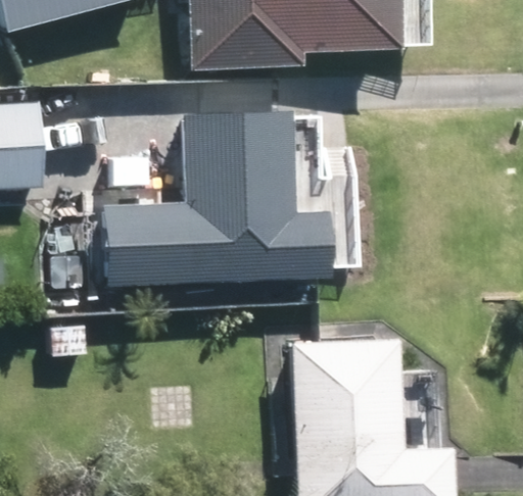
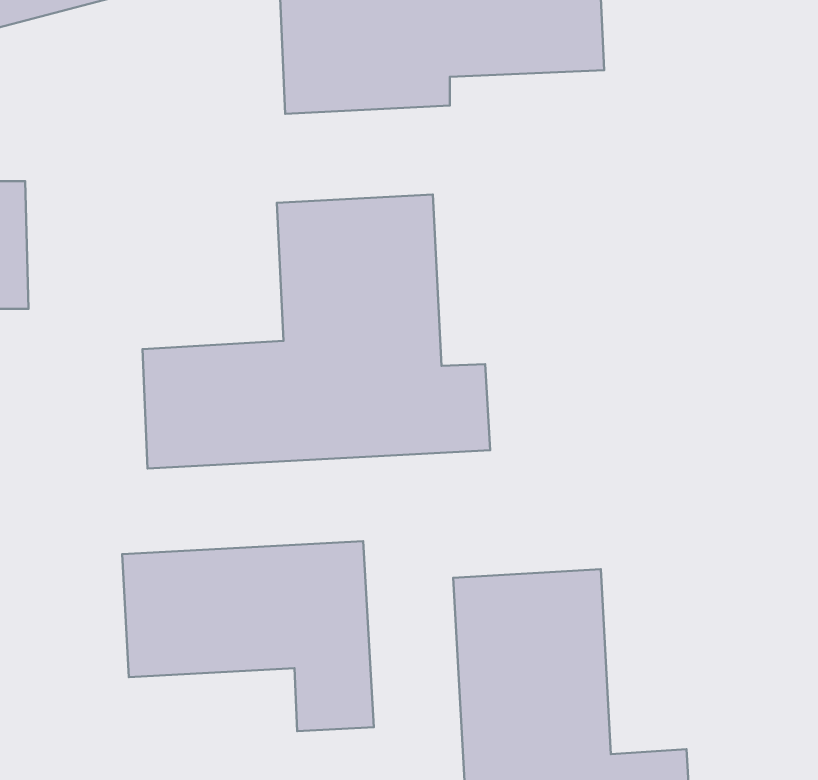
building: none -> [122,541,374,731]

